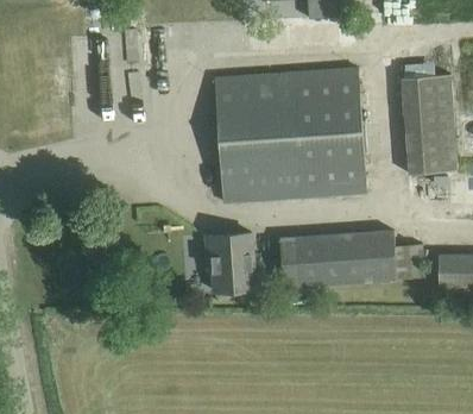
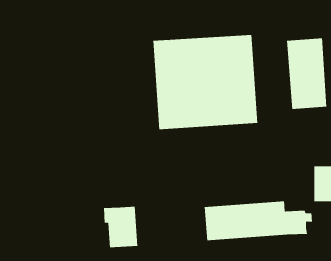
building: [280,231,433,287] -> [204,201,313,241]
building: [206,233,254,291] -> [103,206,138,248]

